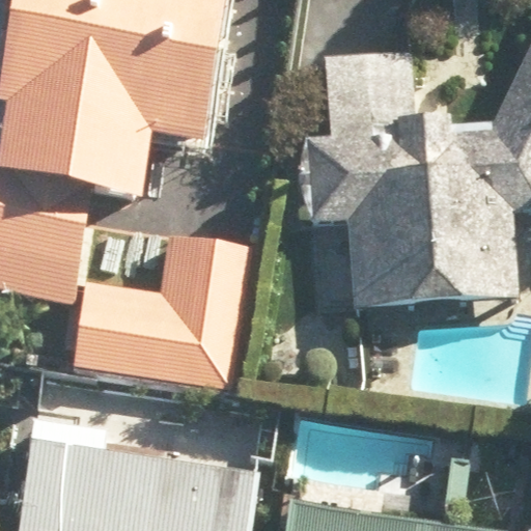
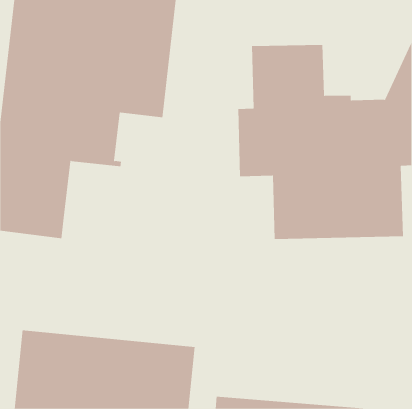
building: [74,234,244,394] -> none

